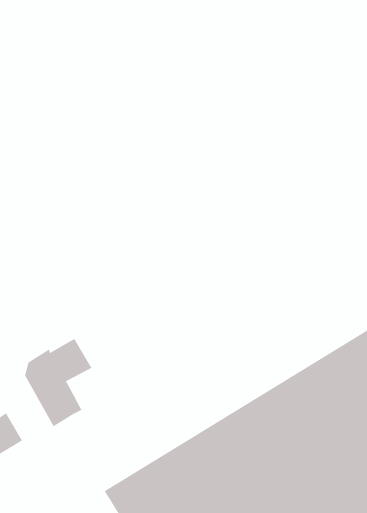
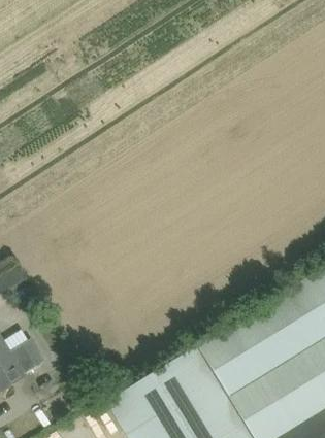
building: [24,338,92,427] -> none

